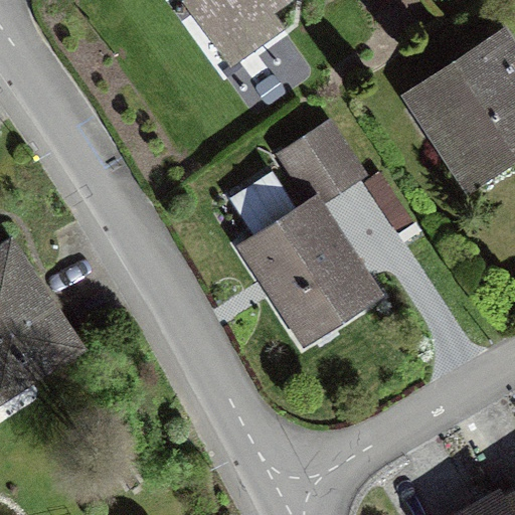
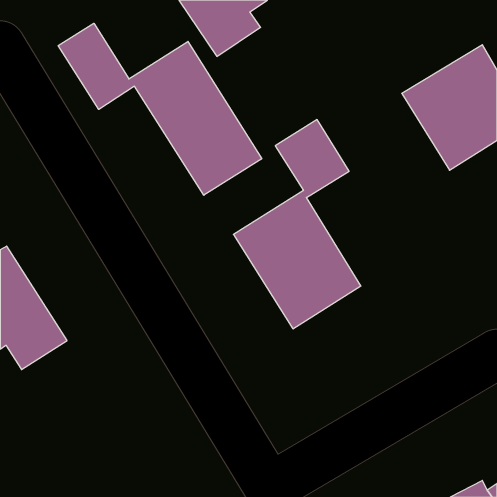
building: none -> [58,23,262,195]

